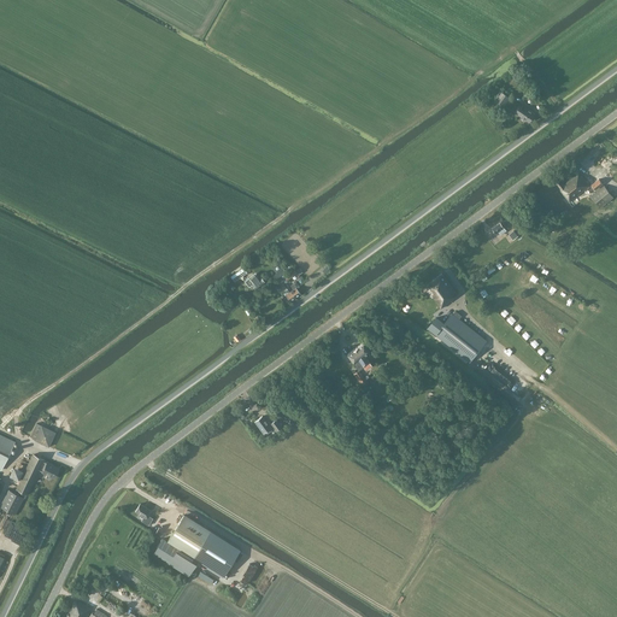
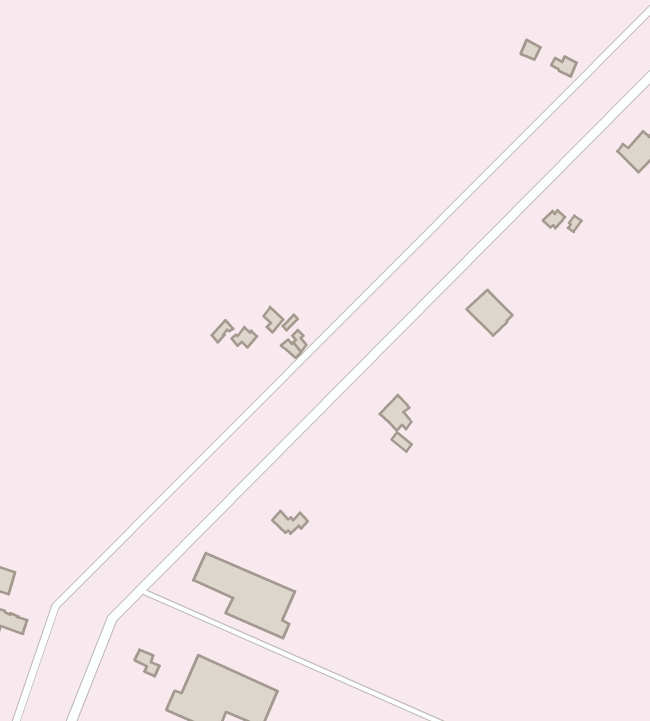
building: [429,315,487,362] -> none
building: none -> [193,553,295,638]

